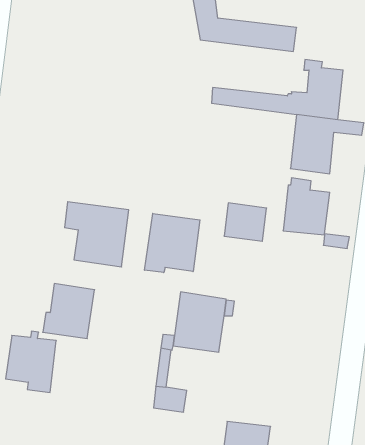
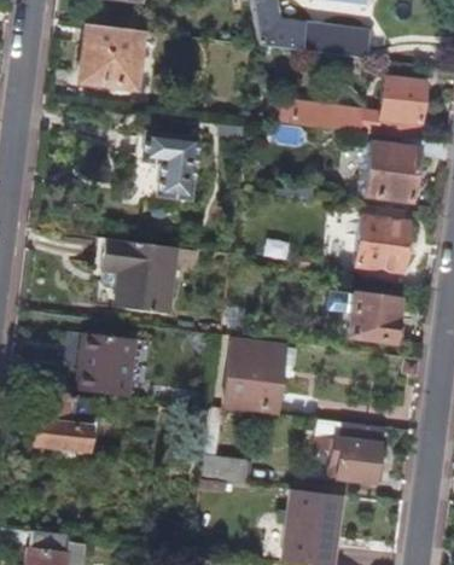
building: none -> [81,24,141,87]
building: none -> [147,133,203,202]
building: [224,203,267,241] -> [353,297,402,342]
building: [145,213,200,273] -> none
building: none -> [315,421,384,485]

